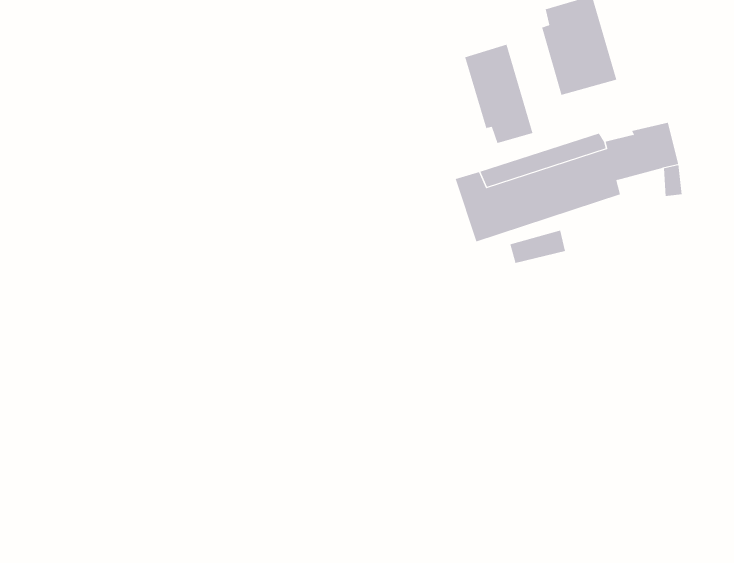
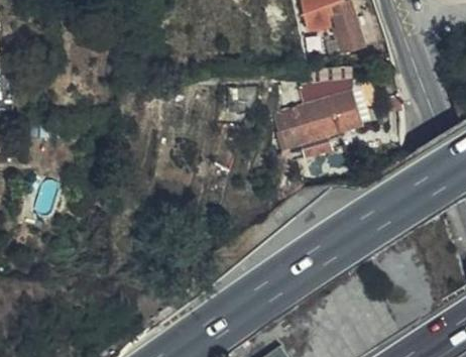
building: [465,44,533,144] -> none

